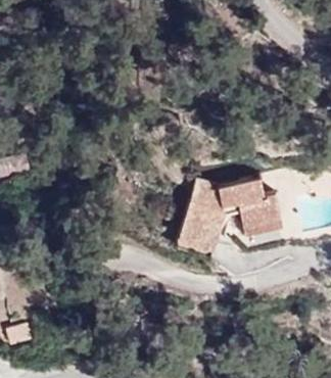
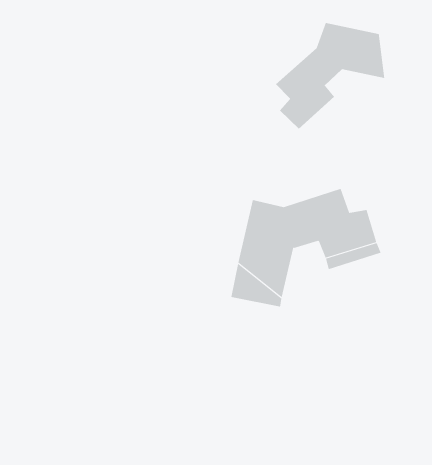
building: none -> [275,22,385,129]

